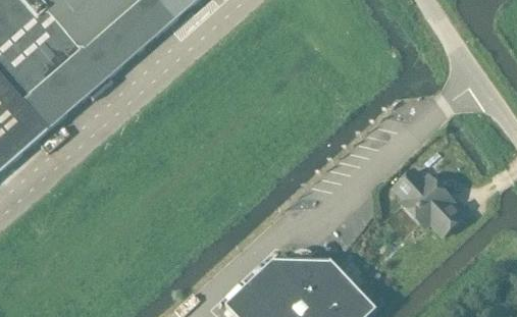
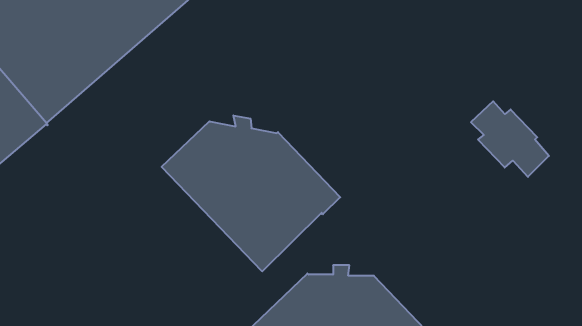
building: none -> [162,115,340,271]
building: [392,167,460,233] -> [471,101,549,177]

